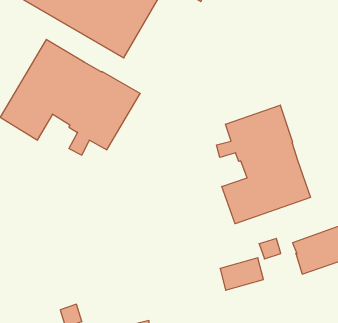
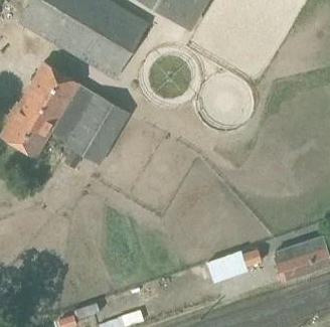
building: [217,105,311,224] -> none

